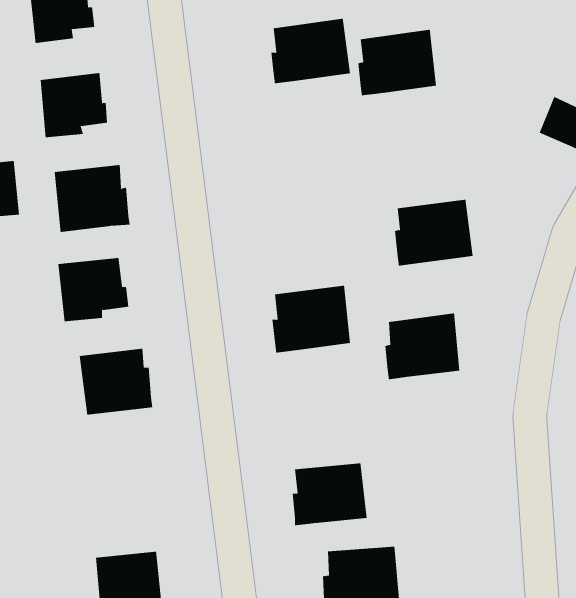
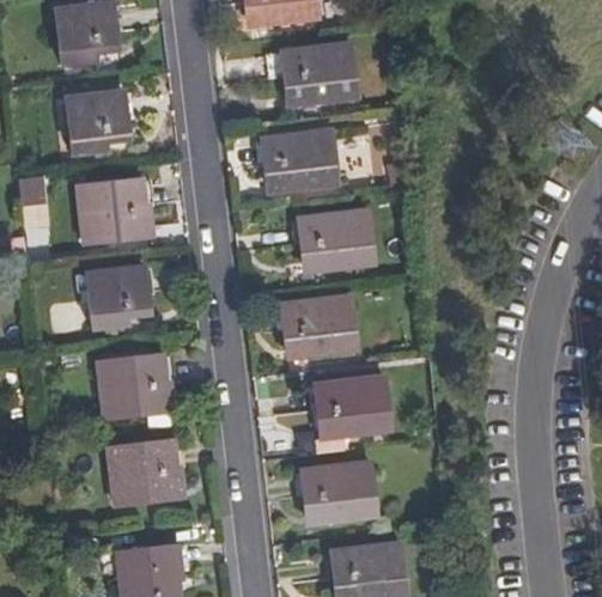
building: [357,29,437,96] -> [262,127,338,190]
building: [394,199,474,266] -> [300,208,376,272]
building: [384,313,460,380] -> [316,374,388,438]
building: none -> [108,440,183,506]

